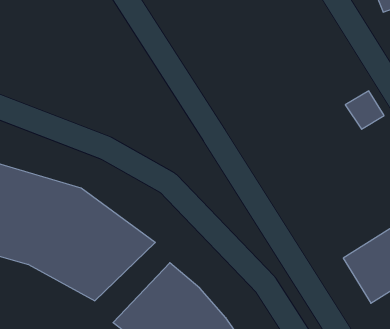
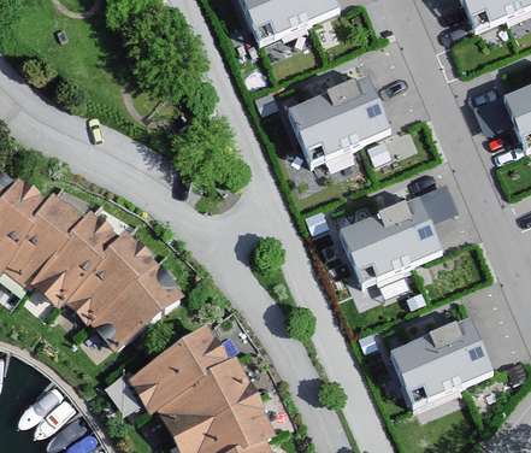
building: none -> [288,75,389,161]
building: none -> [340,196,442,283]

